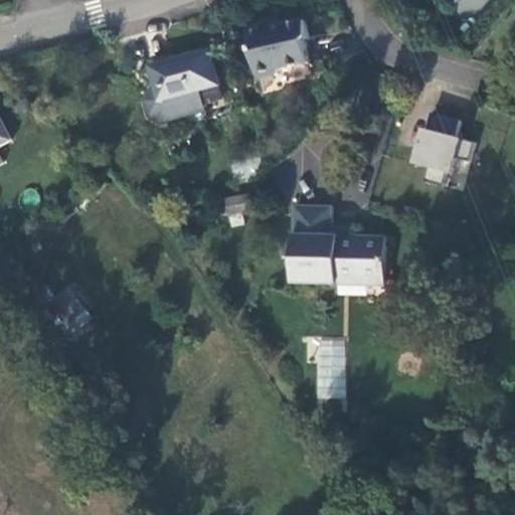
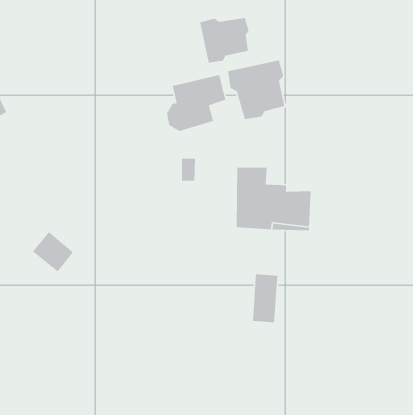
building: [143,51,217,123] -> [166,74,226,132]
building: none -> [227,60,285,120]
building: [414,112,474,186] -> none

